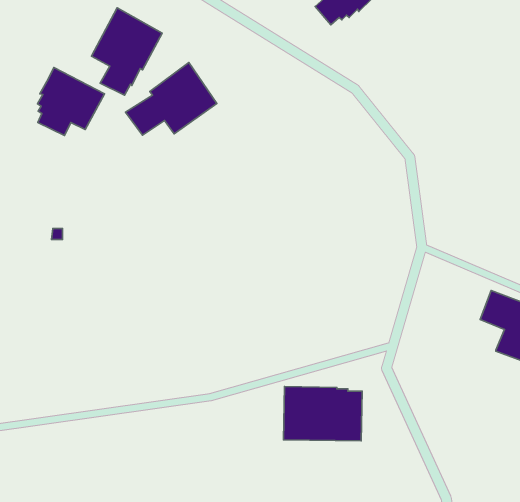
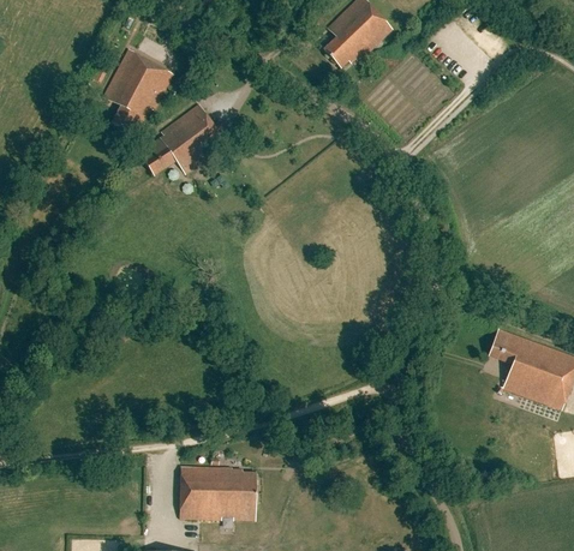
building: [38,67,105,136] -> none
building: [283,386,362,441] -> [179,467,257,521]

